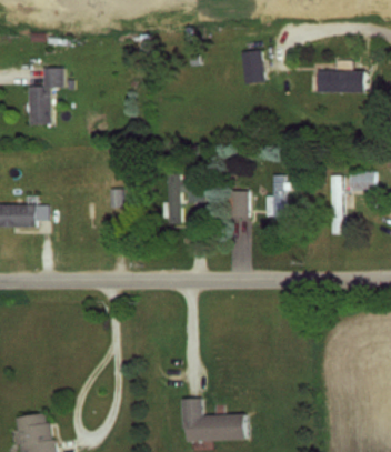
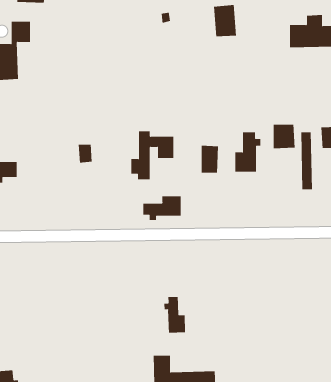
building: none -> [273,124,295,149]
building: none -> [143,195,181,221]
building: none -> [164,296,186,333]

